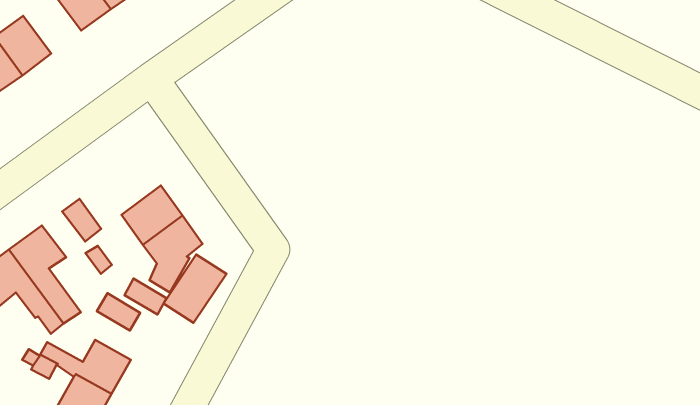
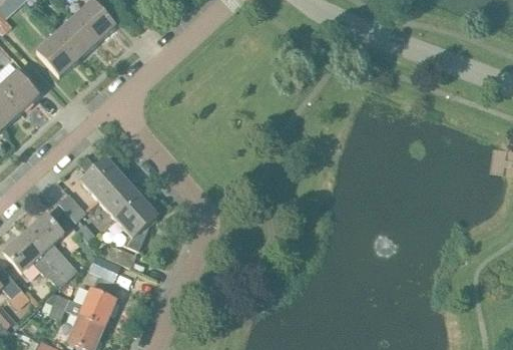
building: none -> [81,157,124,200]
building: [163,255,226,323] -> none

